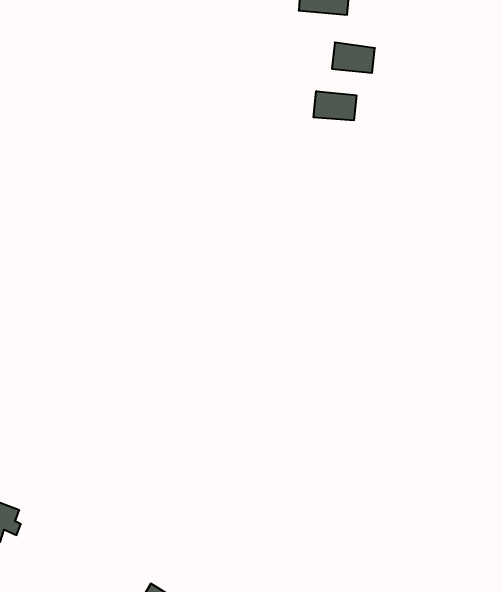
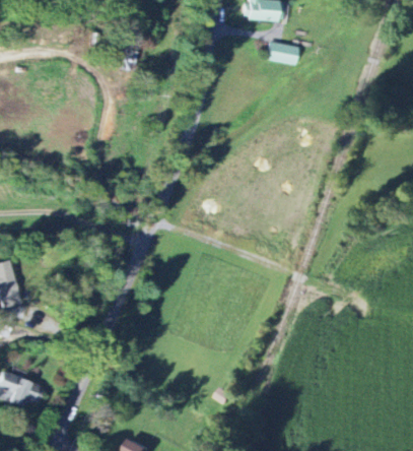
building: [314,91,356,120] -> none

